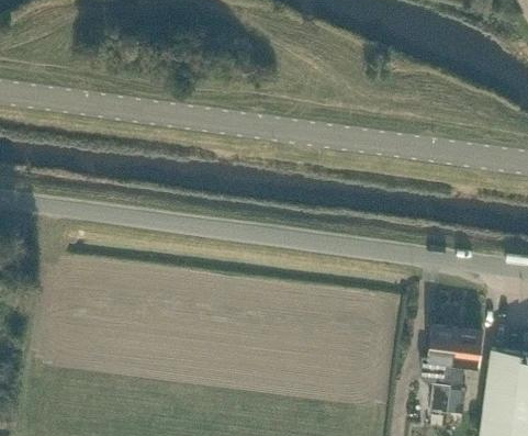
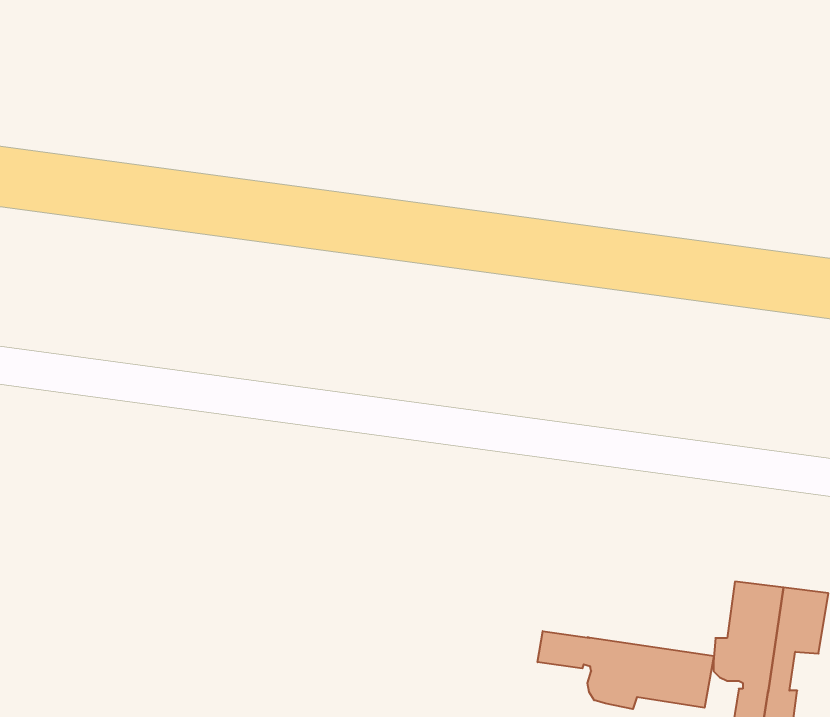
building: none -> [538,631,714,709]

